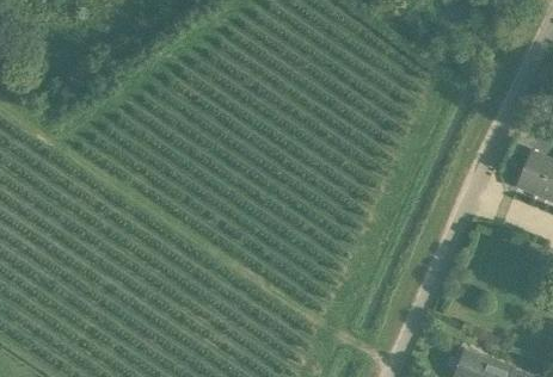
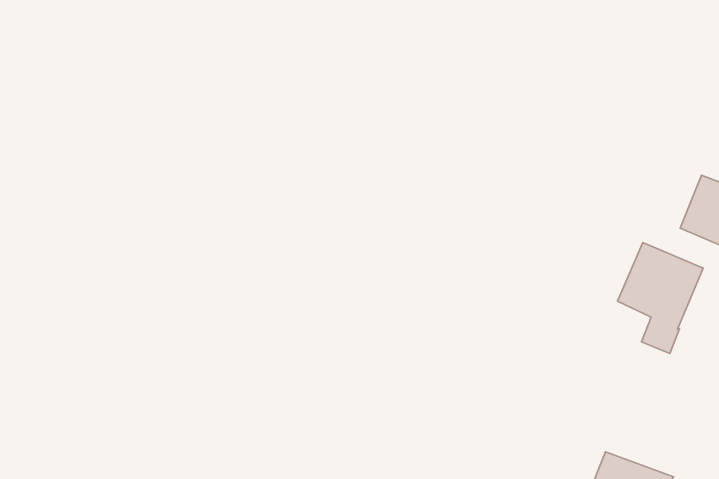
building: none -> [617,243,703,353]

